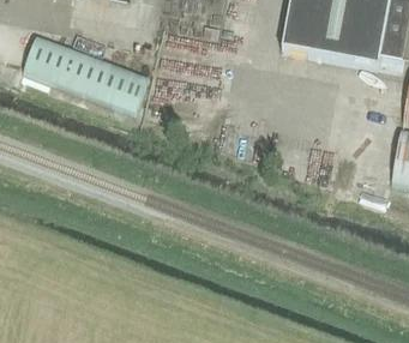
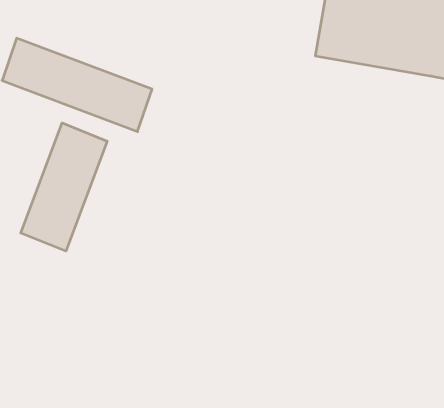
building: none -> [21,123,107,251]

